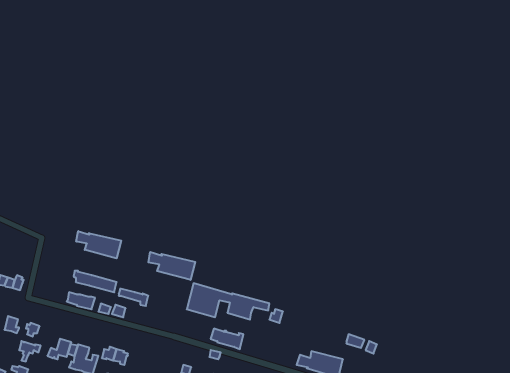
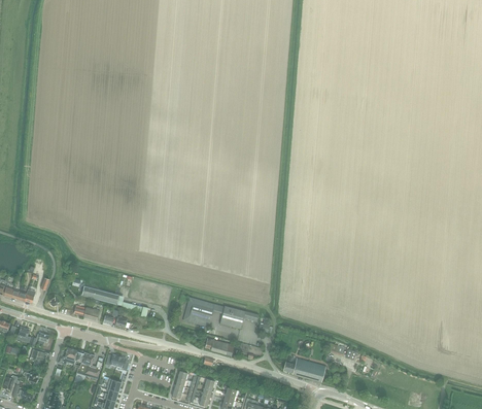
building: [76,231,121,258] -> none
building: [148,252,195,280] -> none

